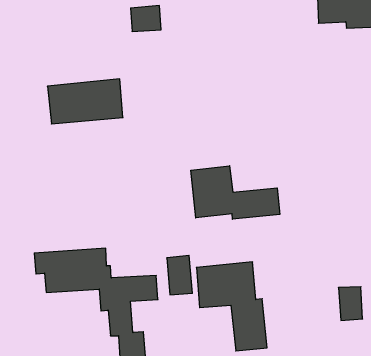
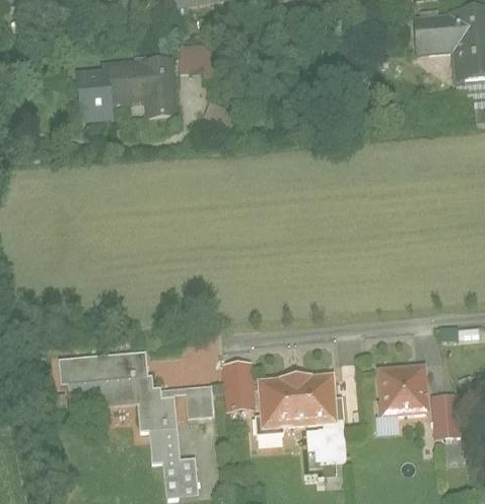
building: [47,79,123,124] -> [75,62,170,119]
building: [191,166,280,219] -> none
building: none -> [377,360,426,413]

